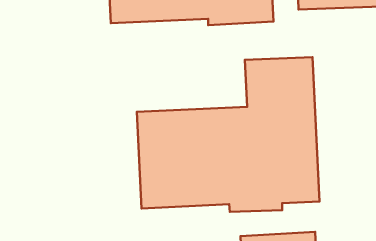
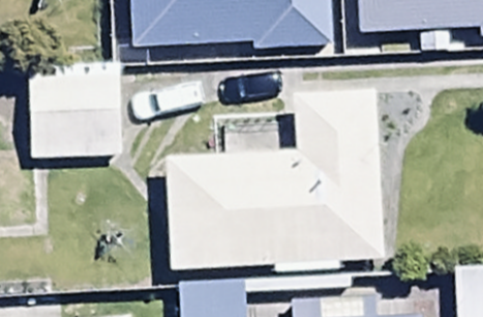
building: none -> [28,57,122,158]

